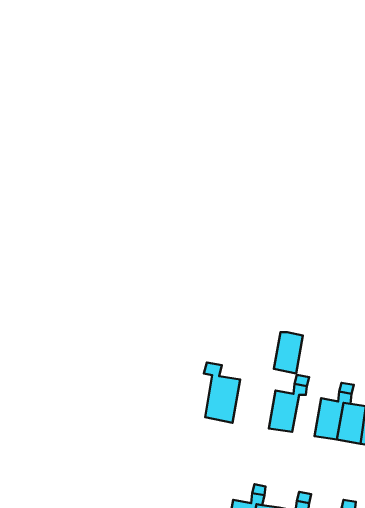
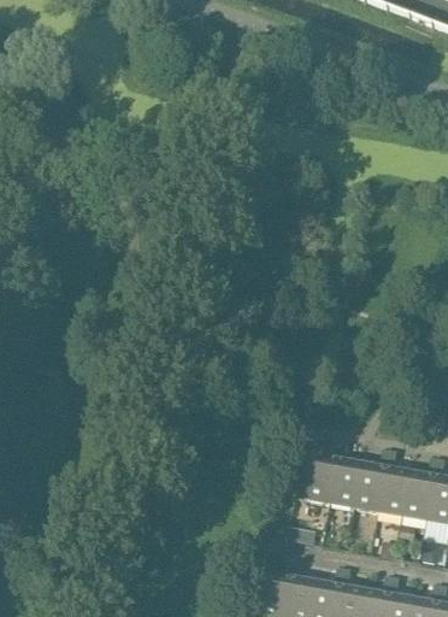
building: [274,332,303,373] -> [329,464,360,509]
building: [204,362,240,423] -> none

